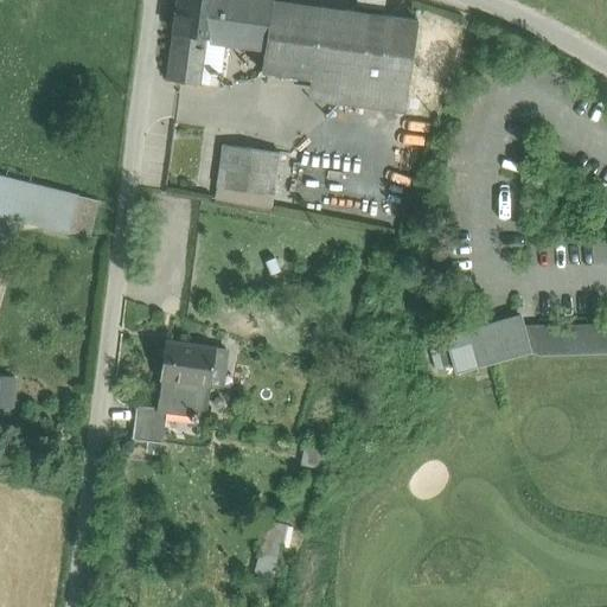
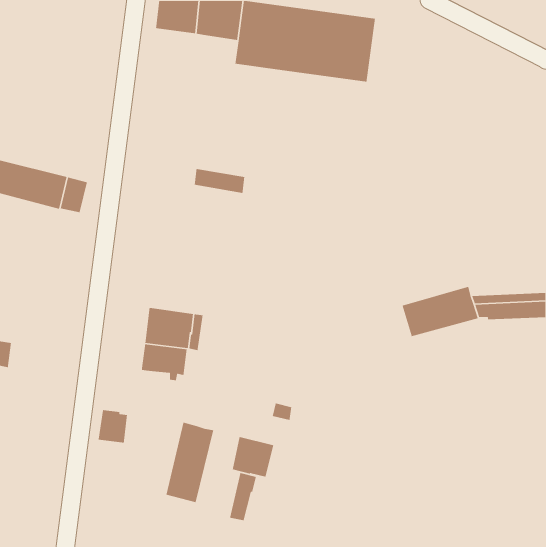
building: [167,32,223,83] -> none
building: [306,78,407,113] -> none
building: [217,143,279,196] -> none
building: [132,405,165,443] -> [98,409,128,444]
building: none -> [165,422,214,503]
building: none -> [232,436,274,478]

